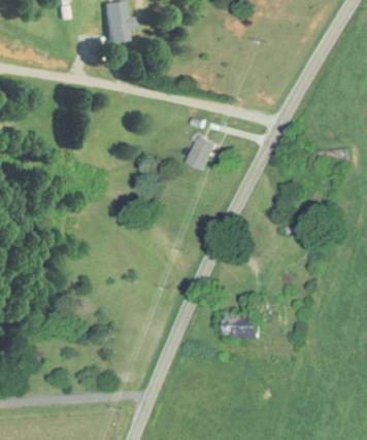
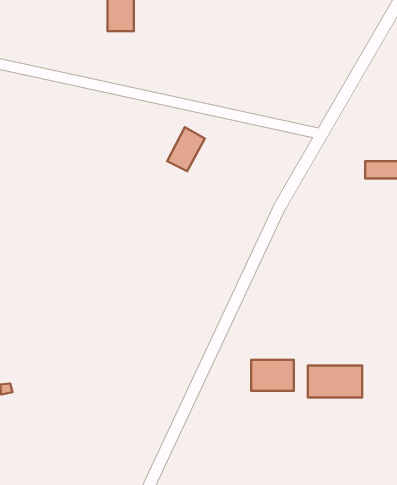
building: [187,136,218,172] -> [167,127,205,171]
building: none -> [308,365,362,398]

